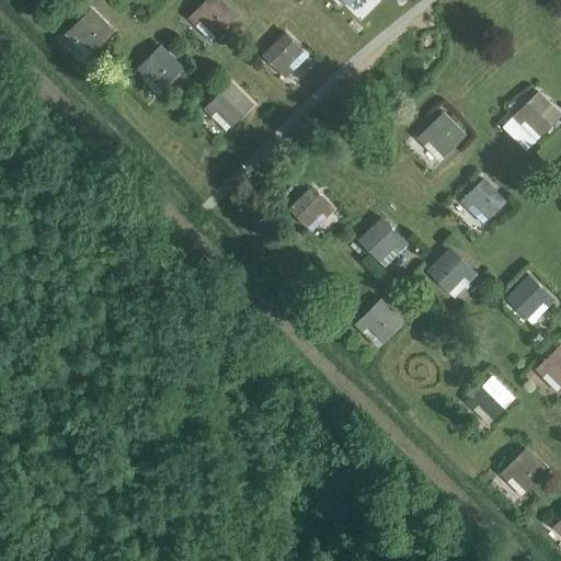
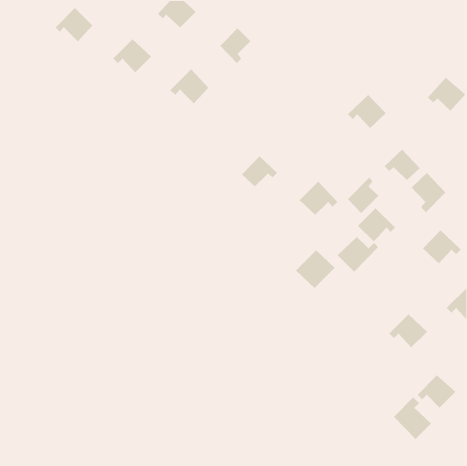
building: none -> [411,172,446,213]
building: none -> [347,177,379,214]
building: none -> [337,236,379,273]
building: none -> [393,397,432,440]

